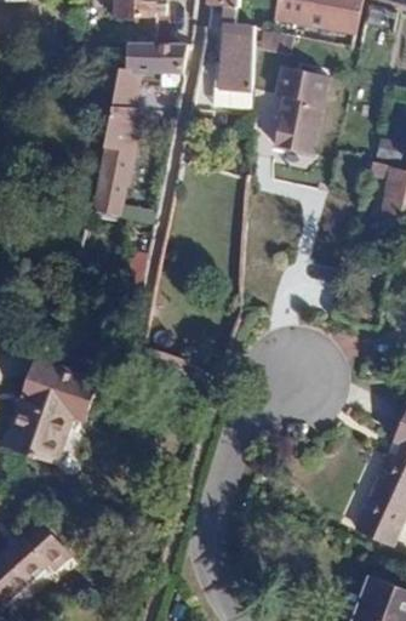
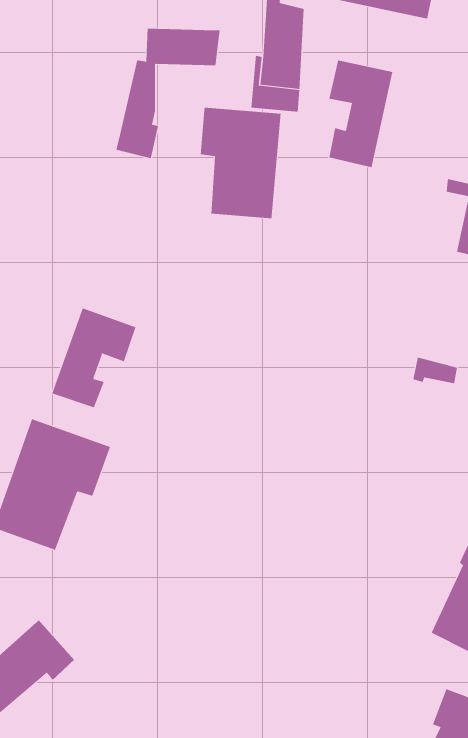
building: none -> [200,107,281,219]
building: [91,160,125,213] -> none
building: none -> [51,308,136,408]

